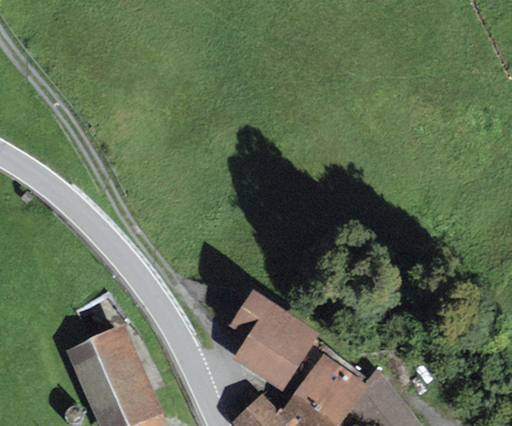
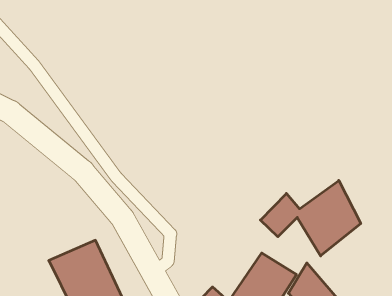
building: none -> [260,180,361,256]
building: [232,300,318,393] -> none

